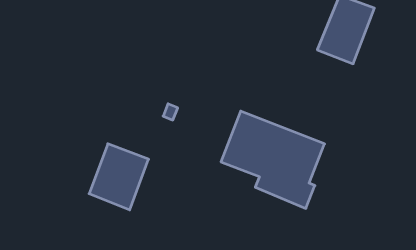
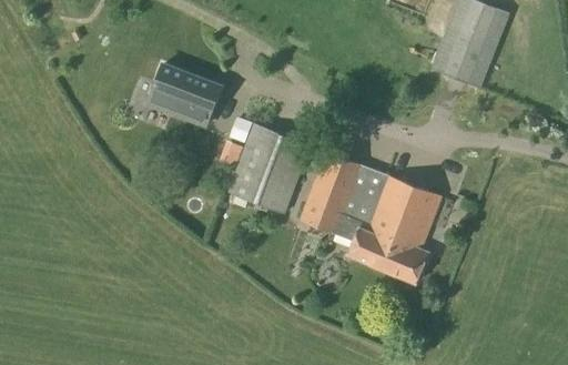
building: none -> [148,65,221,125]
building: [89,144,149,210] -> [229,124,310,214]

